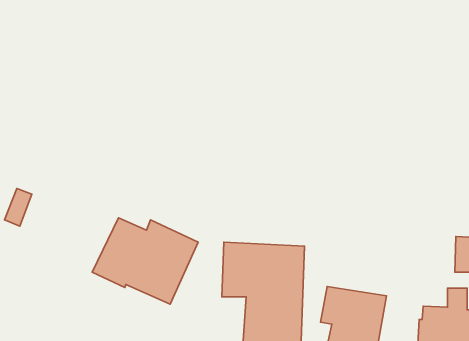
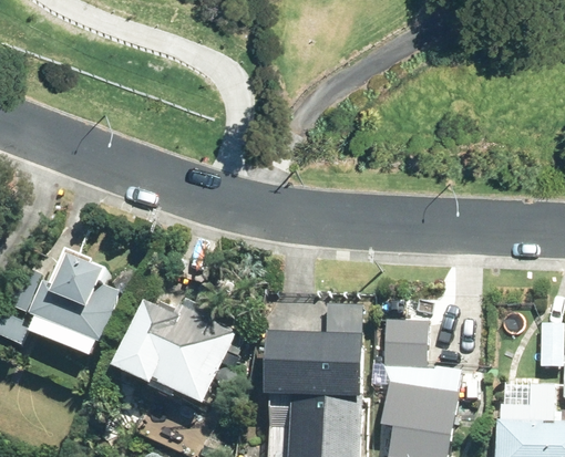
building: none -> [28,247,120,344]
building: none -> [384,318,428,370]

